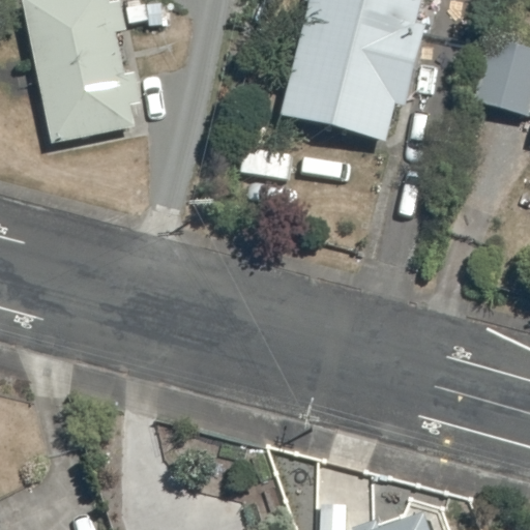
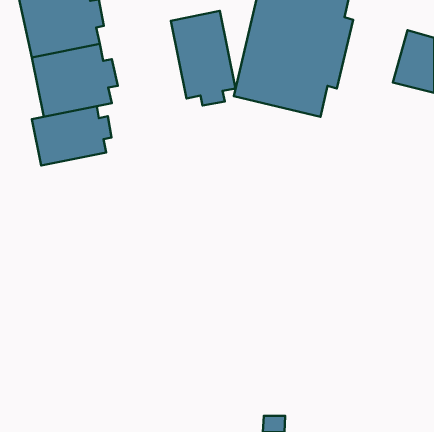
building: none -> [171,11,236,105]
building: none -> [32,106,112,166]

